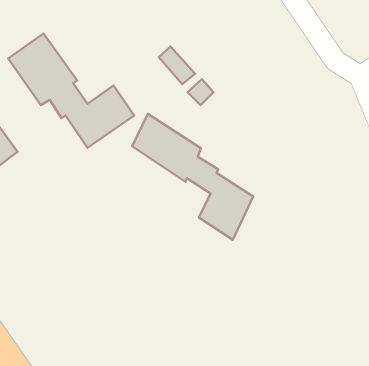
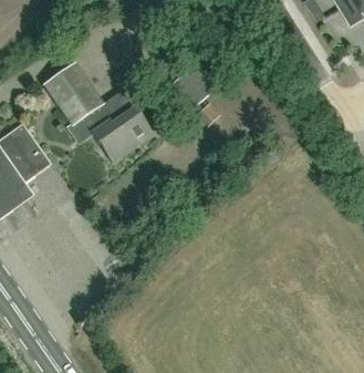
building: [132,114,253,240] -> none

